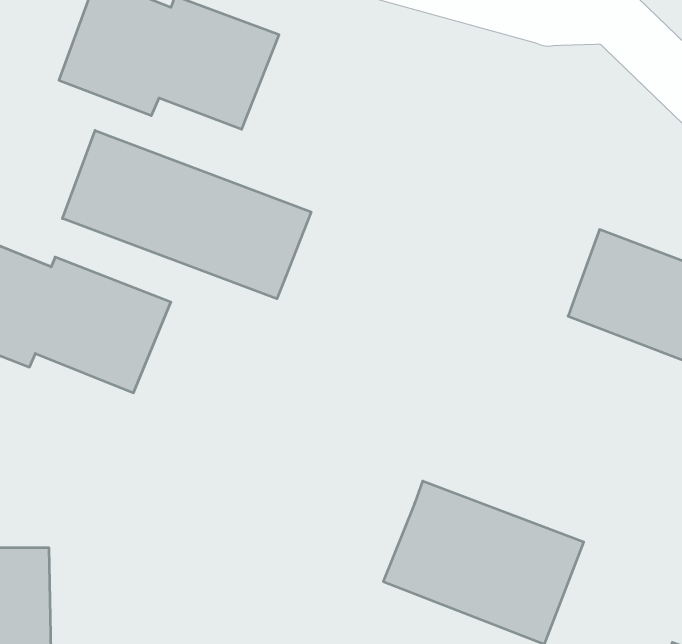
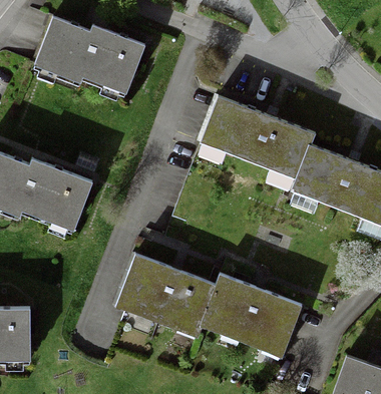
building: [62,130,311,299] -> none
building: none -> [200,96,316,179]
building: none -> [112,254,217,337]

